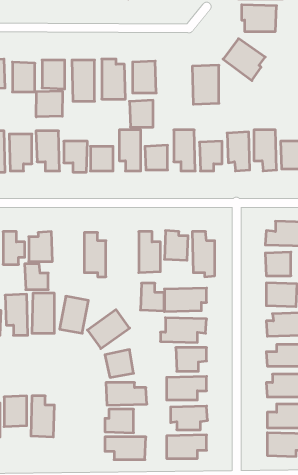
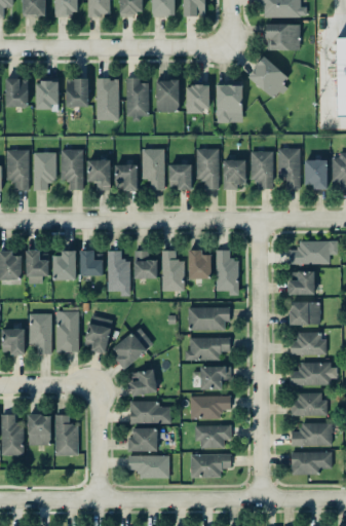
building: [36,91,62,117] -> none
building: [129,100,153,127] -> [186,84,209,111]
building: [25,264,48,290] -> [79,250,103,275]
building: [140,283,164,311] -> [133,251,157,278]

